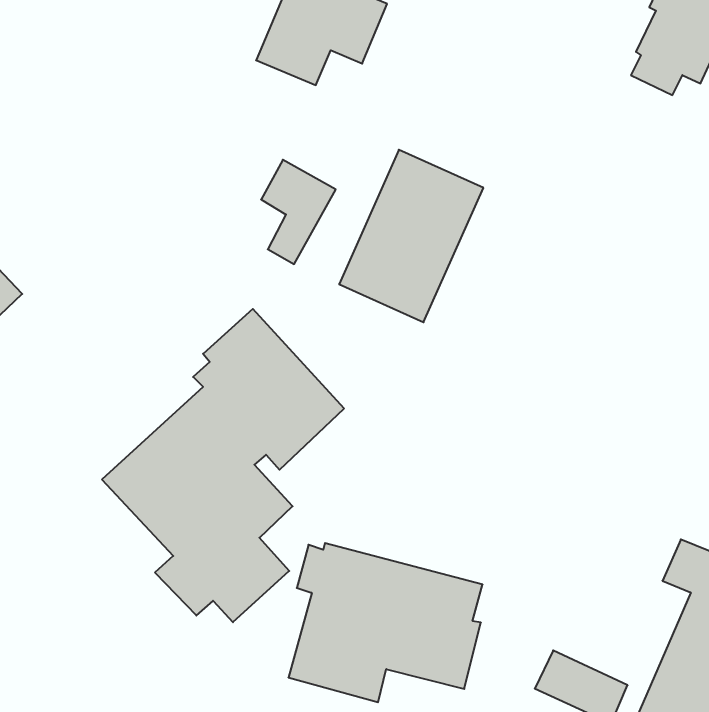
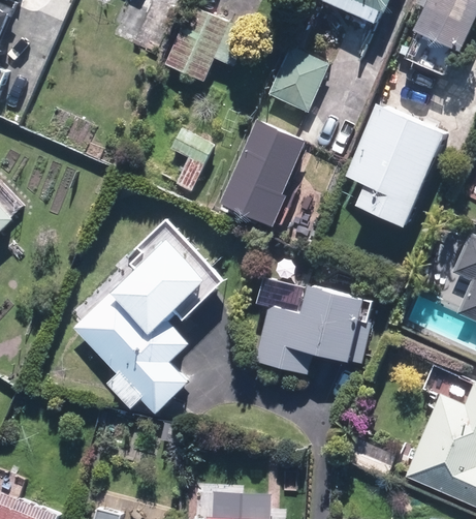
building: none -> [267,43,331,114]
building: none -> [344,101,444,226]
building: [288,543,483,702] -> [253,276,374,375]

